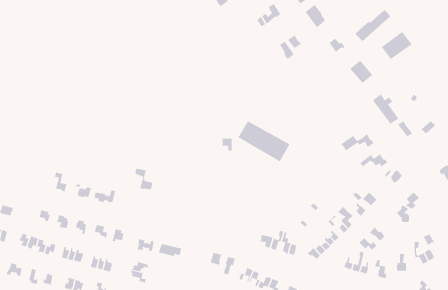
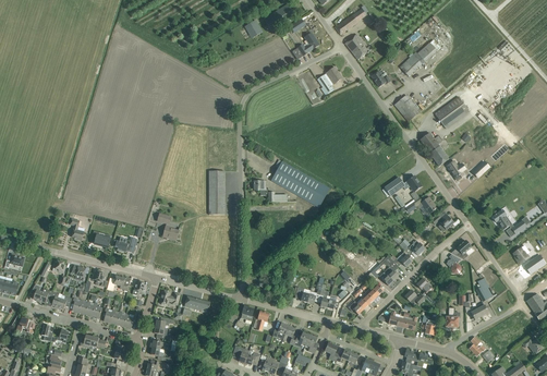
building: [381,31,412,60] -> [435,96,470,128]
building: none -> [209,171,224,214]

